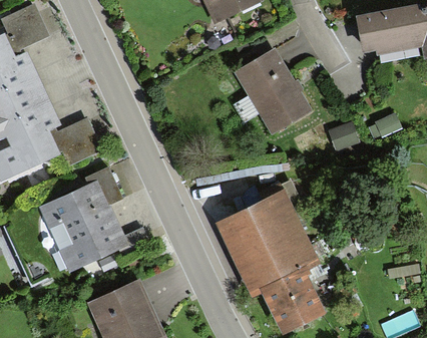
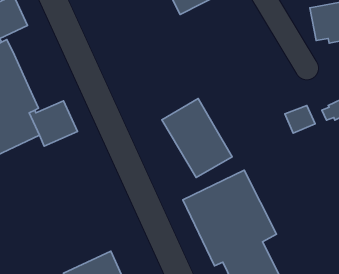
building: [236,48,312,133] -> [162,98,232,177]
building: [38,165,128,271] -> none

